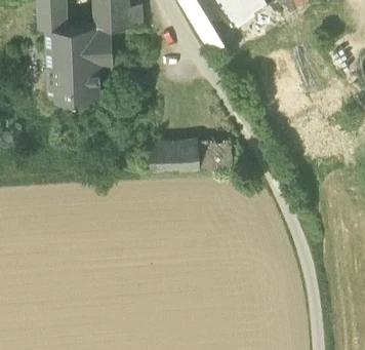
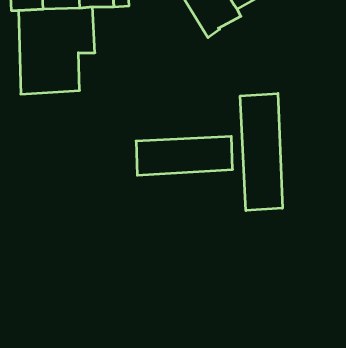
building: none -> [240,93,282,211]

